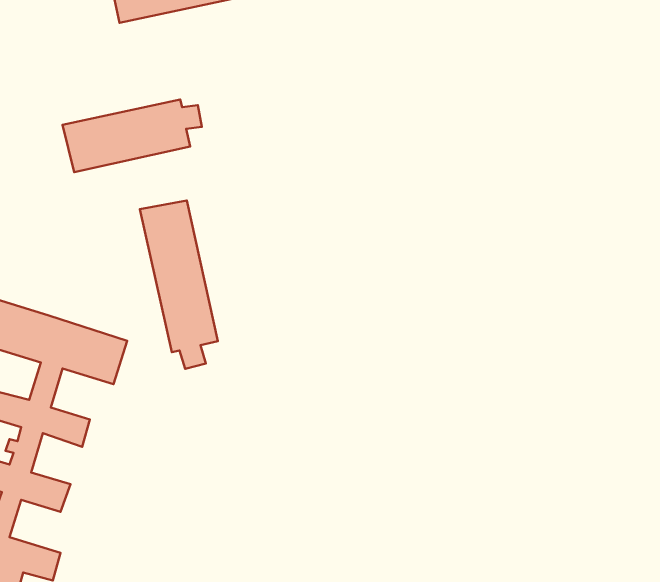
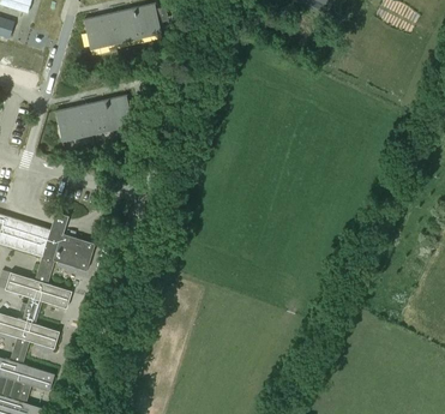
building: [140,200,218,369] -> none

